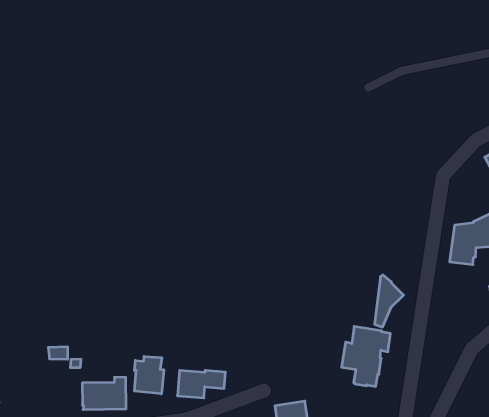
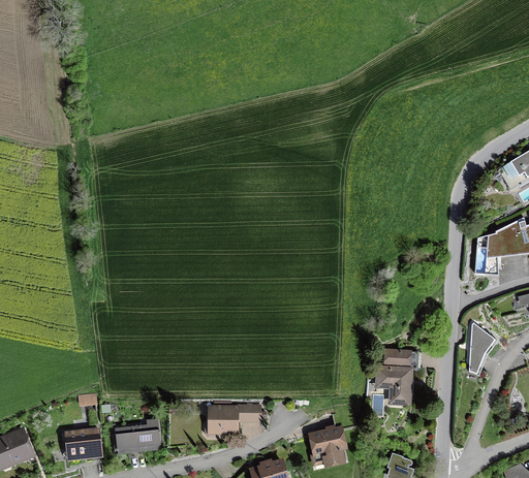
building: [375,275,404,327] -> [469,322,496,375]
building: [135,356,164,394] -> none
building: none -> [63,425,103,461]

